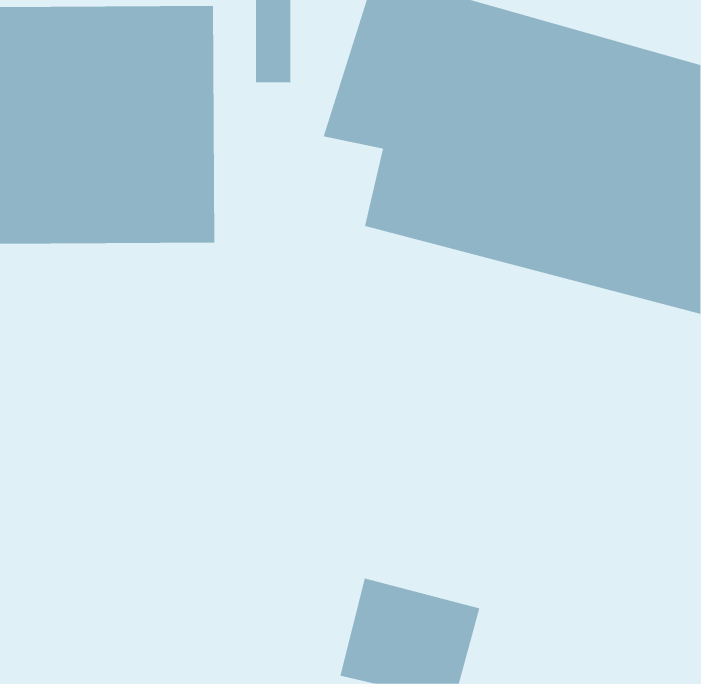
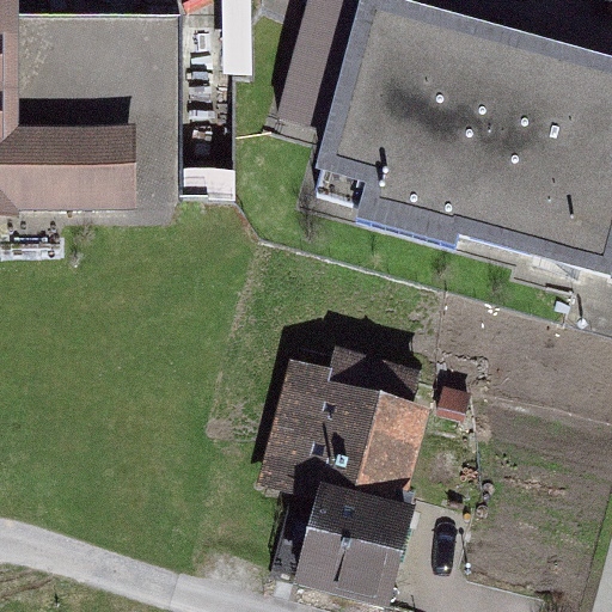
building: none -> [256,333,443,512]

